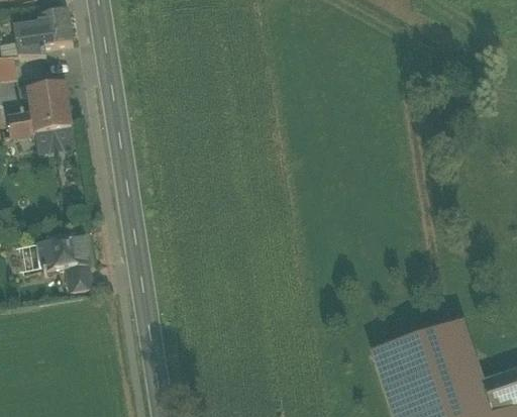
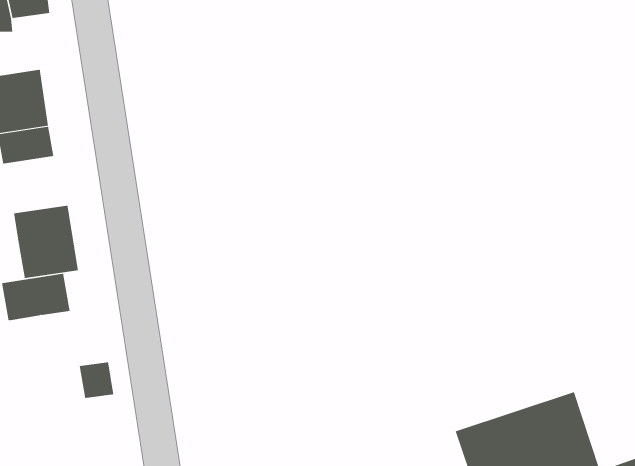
building: none -> [14,205,78,279]
building: [66,262,92,289] -> [79,362,114,399]

